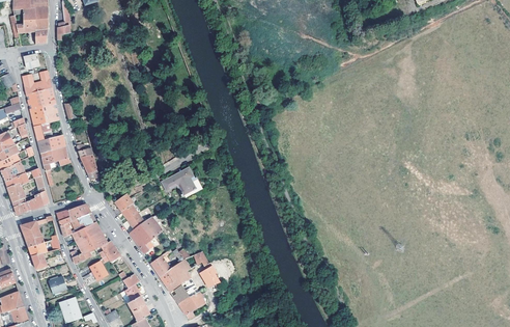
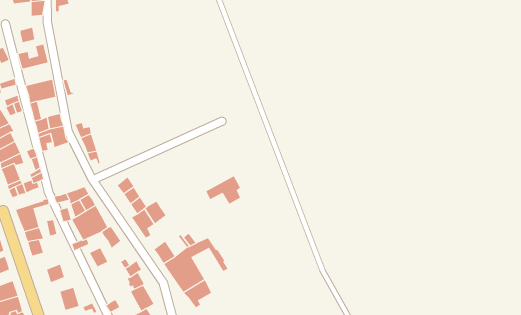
building: [26,87,55,109] -> none
building: [162,167,195,194] -> [206,176,241,204]

